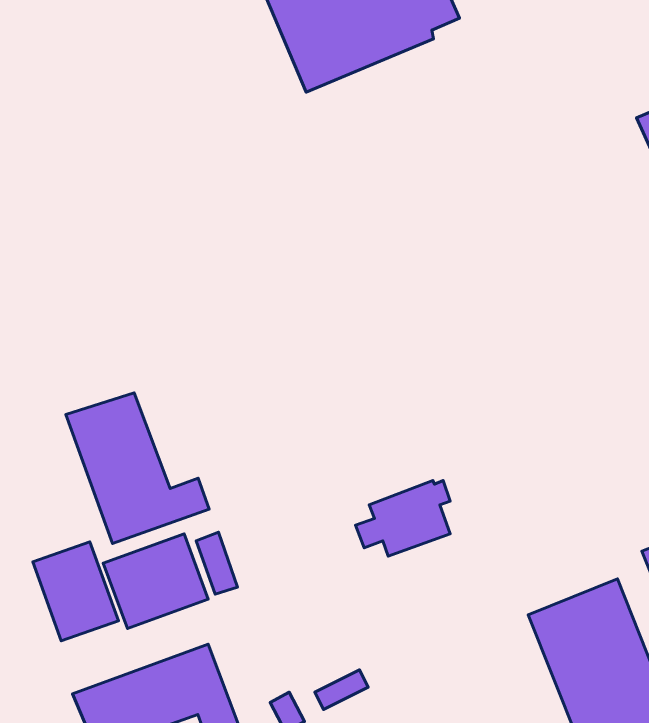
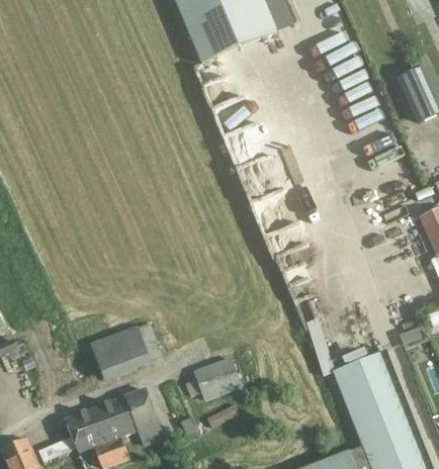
building: [66,393,209,544] -> none
building: [355,481,450,556] -> [184,357,240,401]
building: [33,542,118,641] -> none

